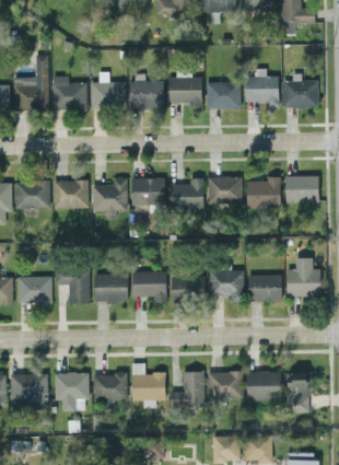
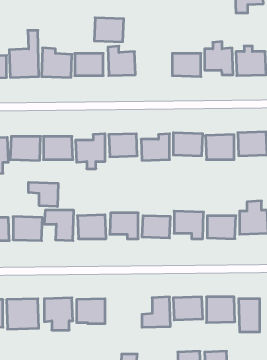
building: [167,75,202,104] -> [94,18,124,42]
building: none -> [29,182,58,207]
building: [131,363,165,408] -> none

